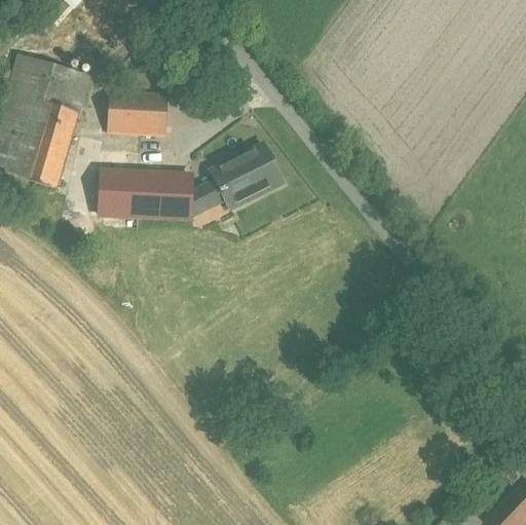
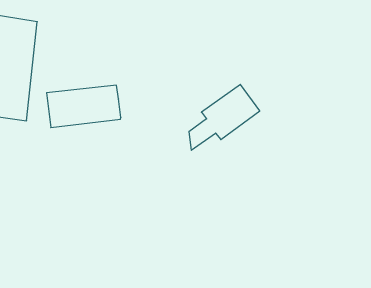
building: [105,90,171,134] -> none
building: [186,143,279,215] -> [189,84,260,150]

